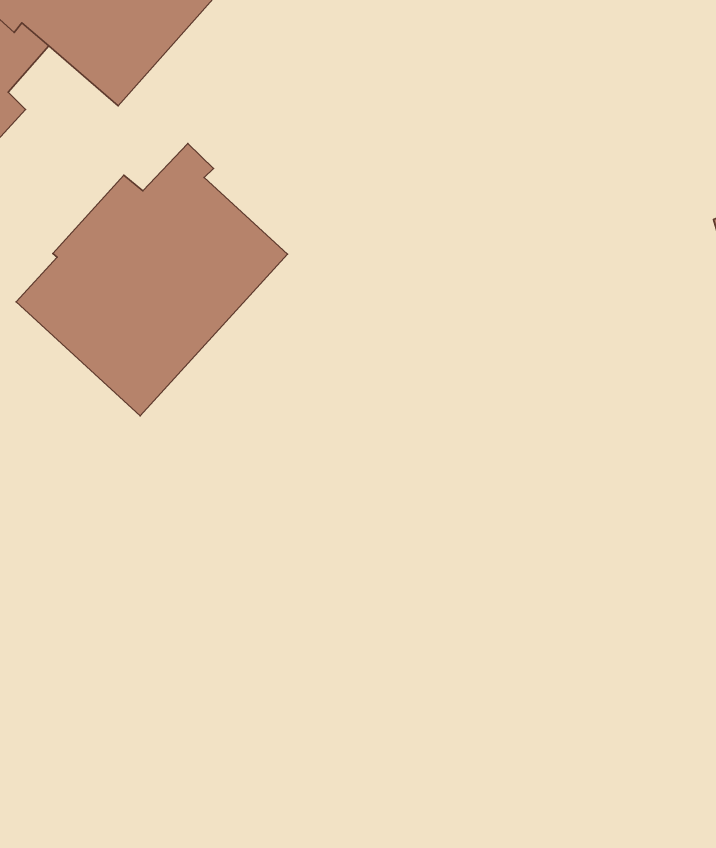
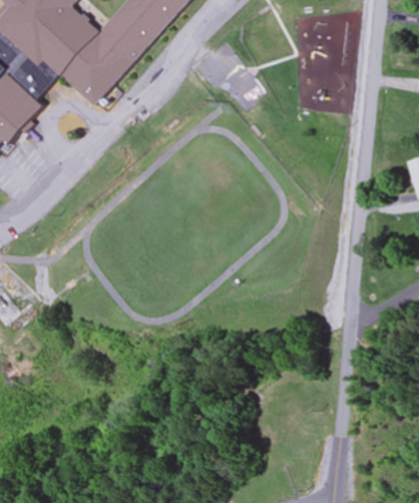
building: [16,143,288,416] -> none

